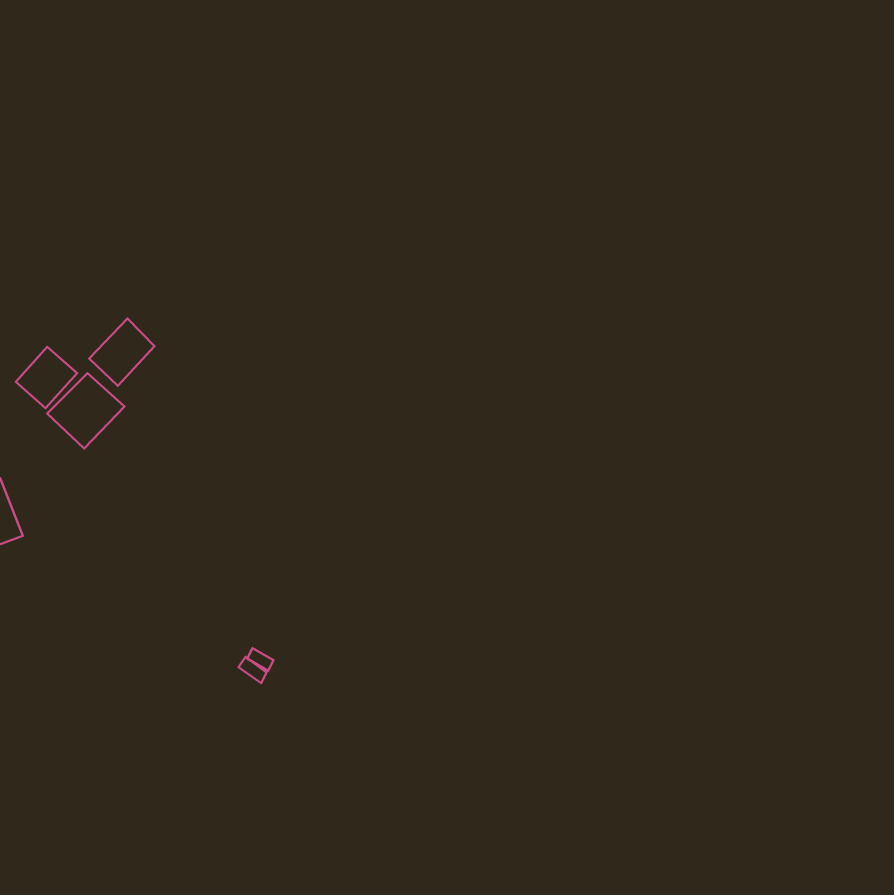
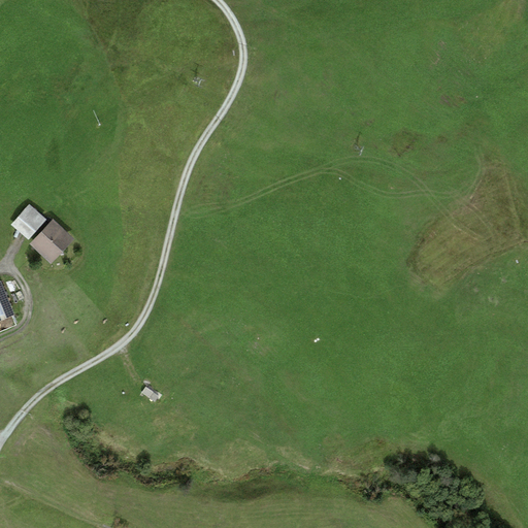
building: [89,319,155,386] -> none

